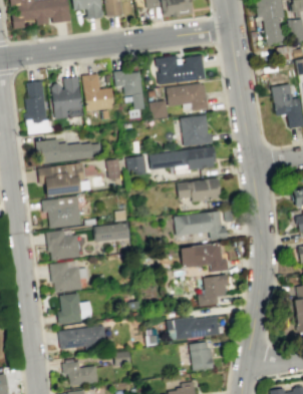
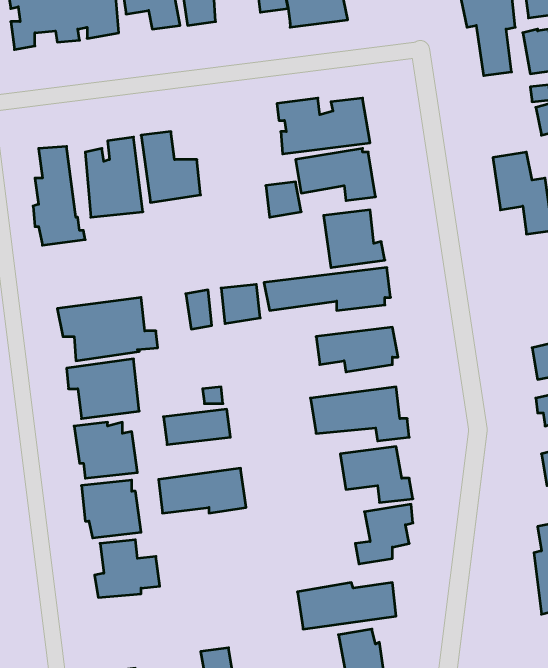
building: [114,70,144,118] -> none
building: [36,138,92,164] -> none
building: [59,325,106,349] -> [159,468,246,513]

